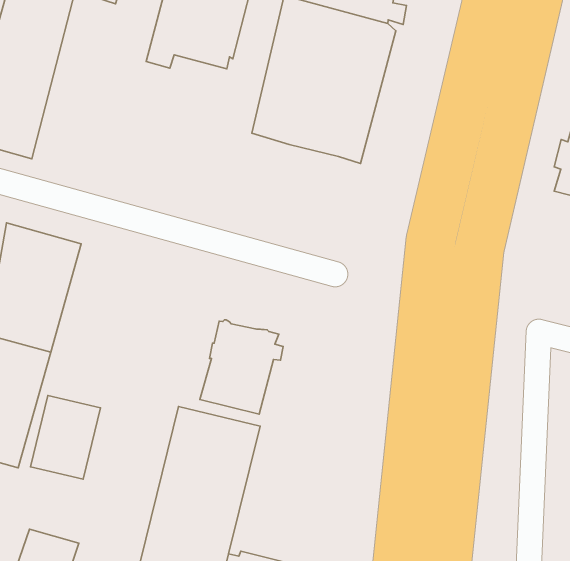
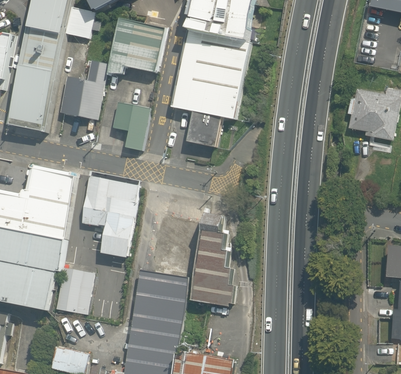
building: none -> [59,59,107,119]
building: none -> [113,102,150,150]
building: none -> [187,112,222,147]
building: none -> [81,177,139,258]
building: none -> [193,213,236,305]

